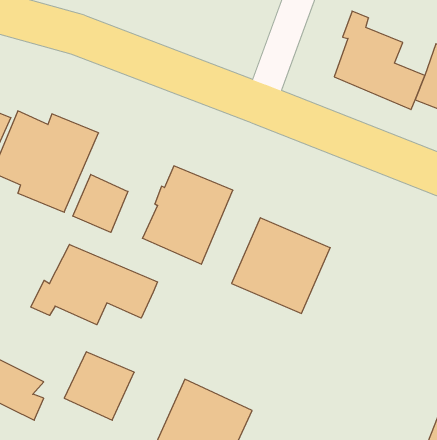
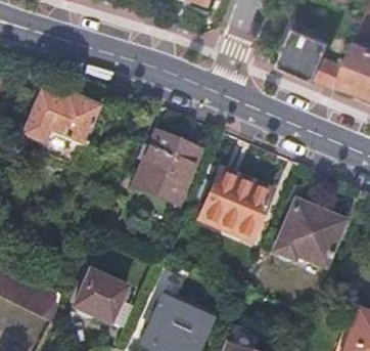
building: [73,174,128,232] -> none
building: [31,244,158,325] -> none
building: none -> [275,203,343,265]

